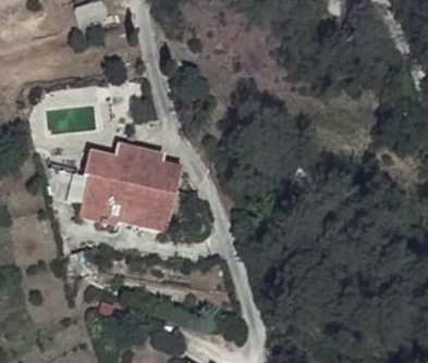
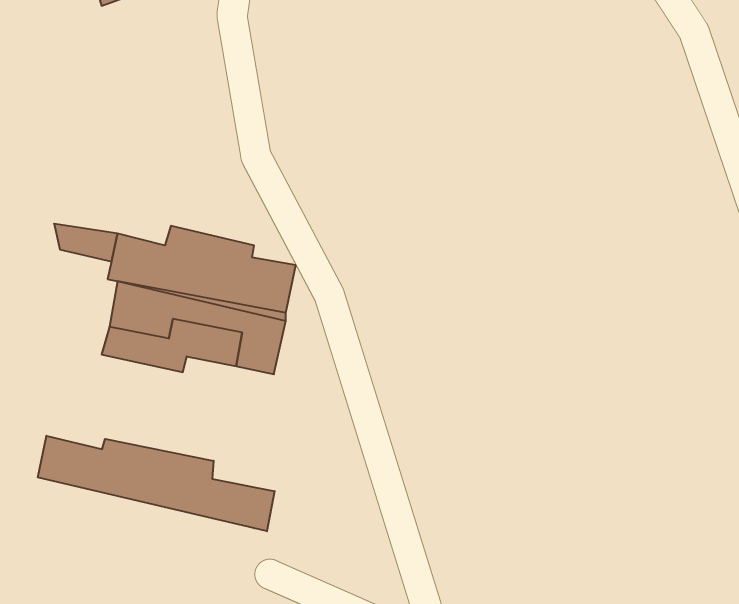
building: none -> [38,436,275,531]

